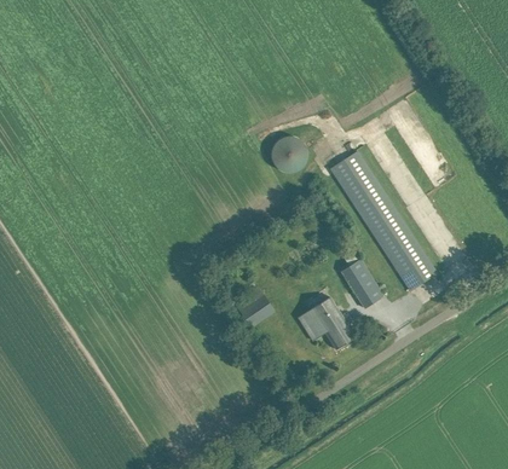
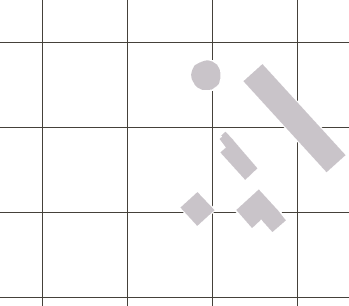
building: [340,247,382,308] -> [218,131,259,181]

